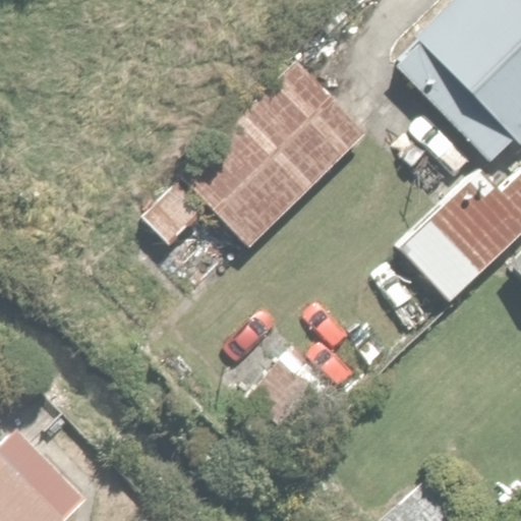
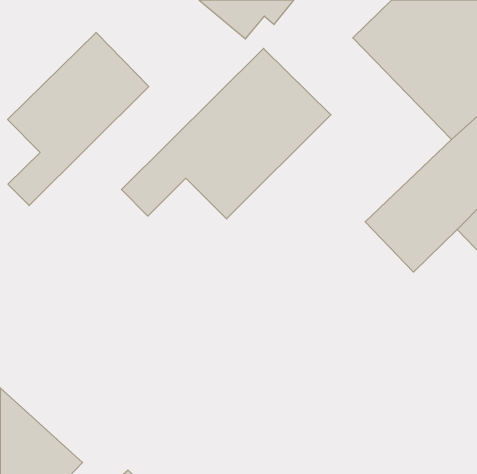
building: none -> [8,32,149,206]

